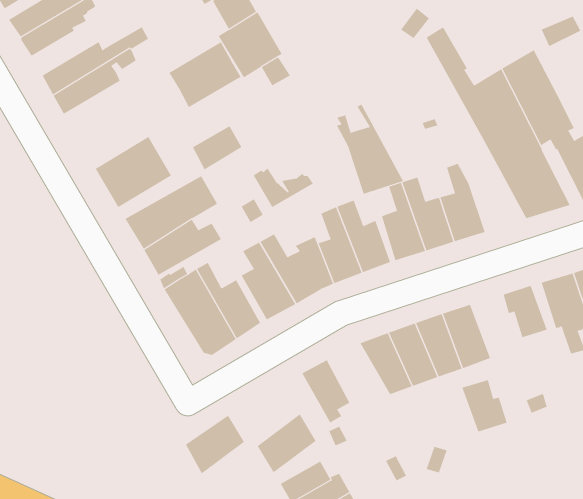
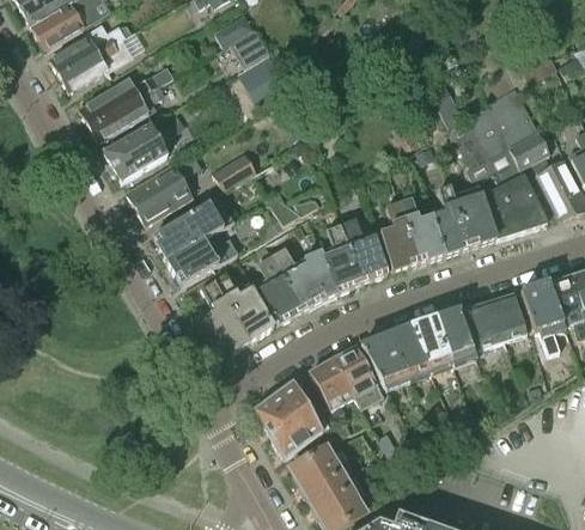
building: [168,42,241,108] -> [103,122,167,181]
building: [336,104,404,195] -> [447,165,507,245]
building: none -> [331,346,377,402]
building: [462,379,507,432] -> [463,300,504,347]
building: [185,415,245,474] -> [255,382,307,434]

